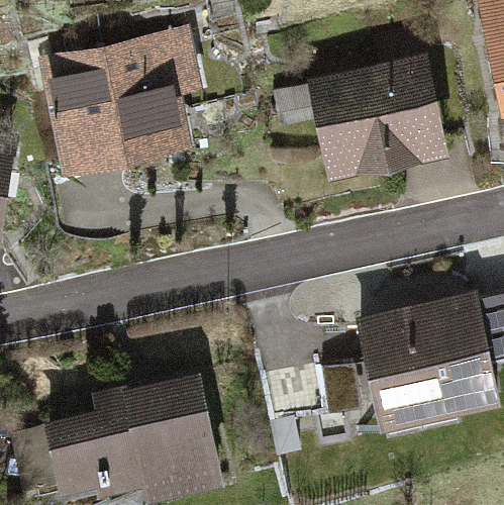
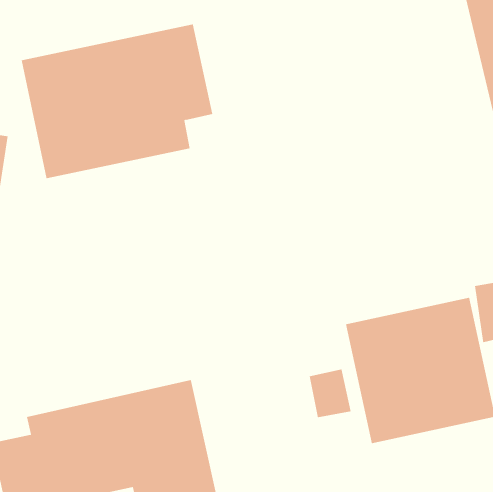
building: [267,55,451,182] -> none

